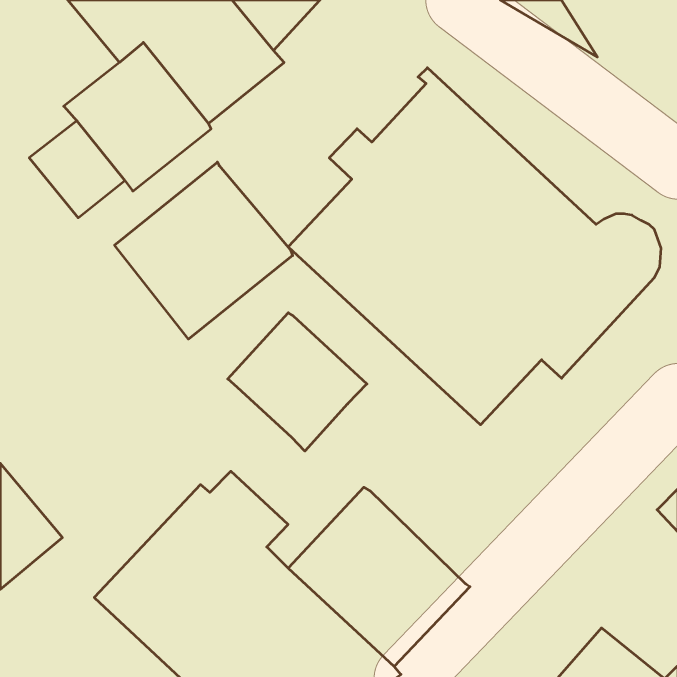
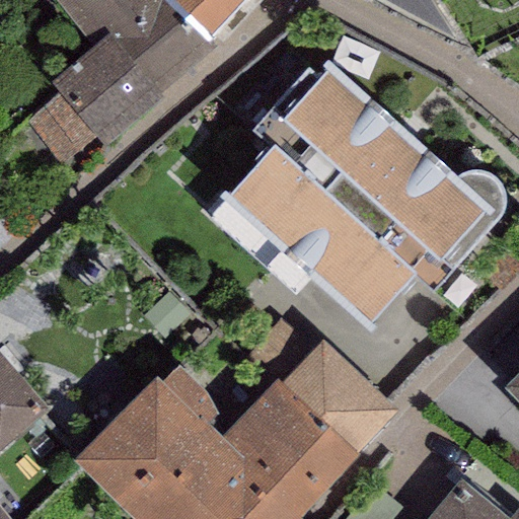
building: [115,162,293,339] -> none
building: [228,313,367,451] -> none
building: none -> [284,336,397,447]

